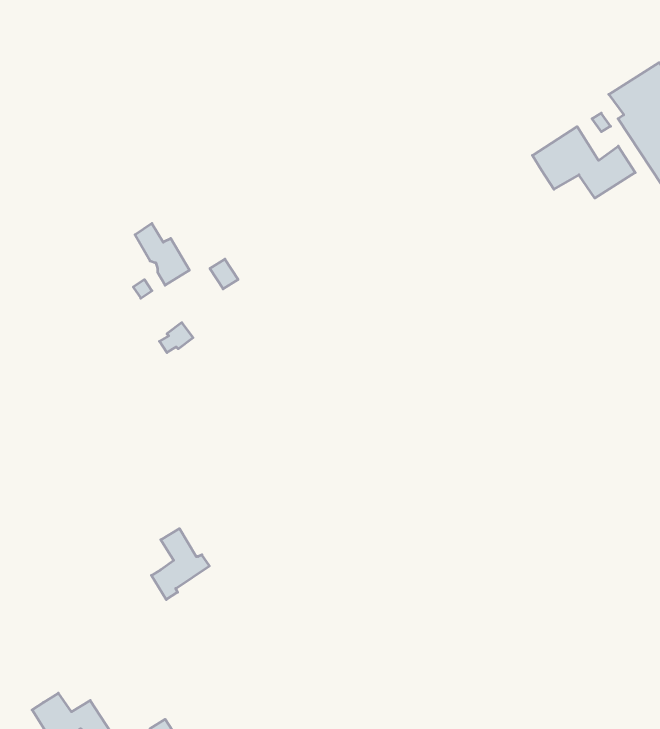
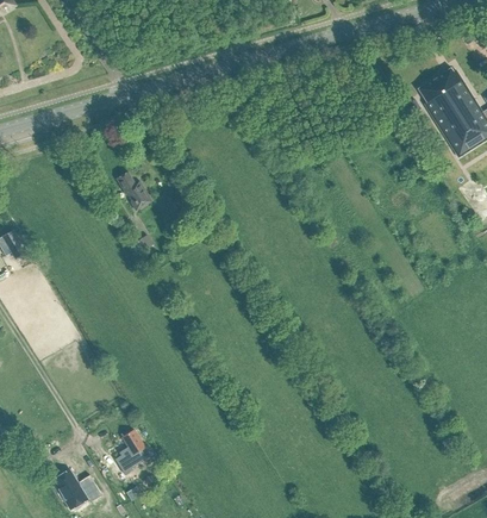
building: [532,127,635,198] -> none
building: [151,529,209,600] -> [115,430,152,475]

